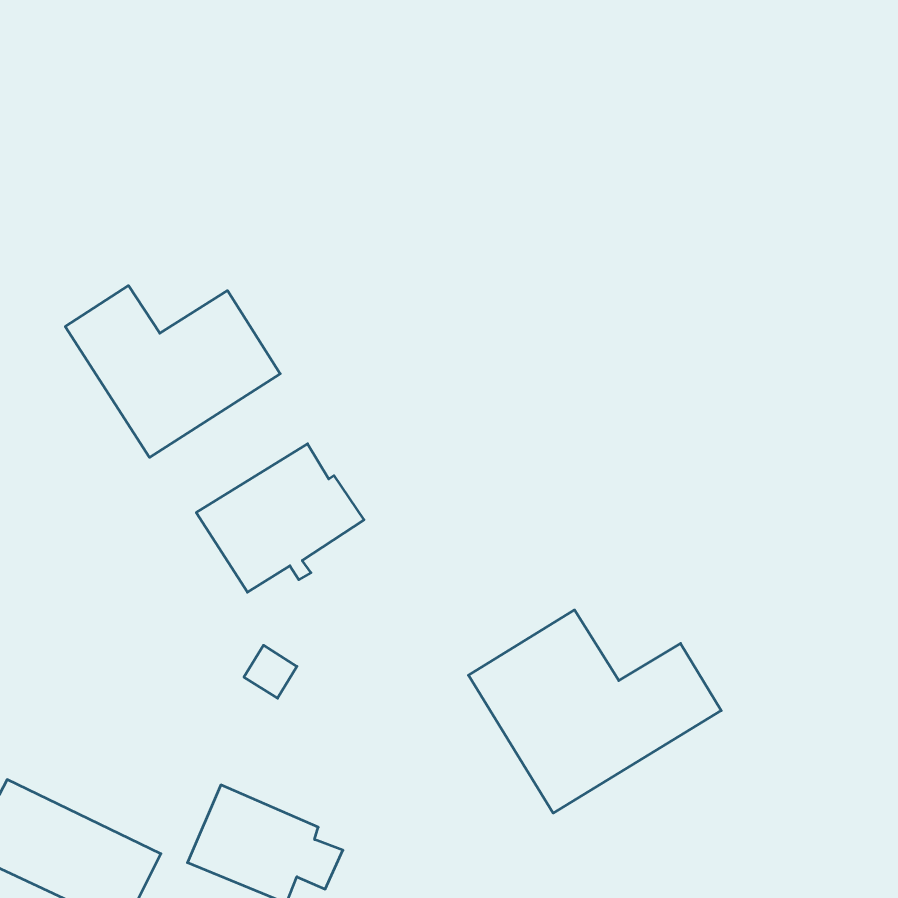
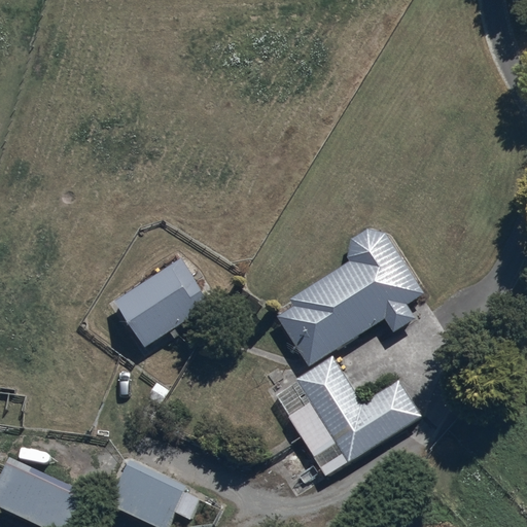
building: [65,286,280,457] -> none
building: none -> [278,238,422,365]

